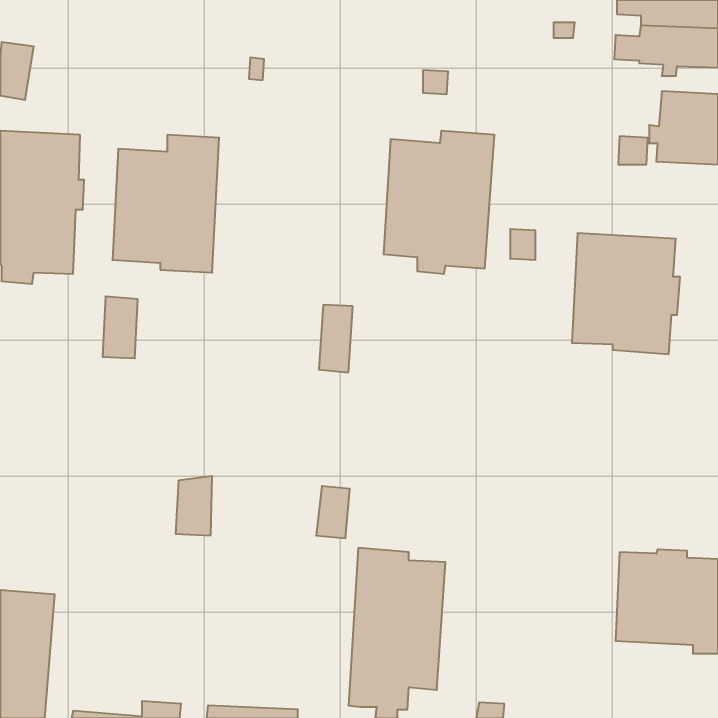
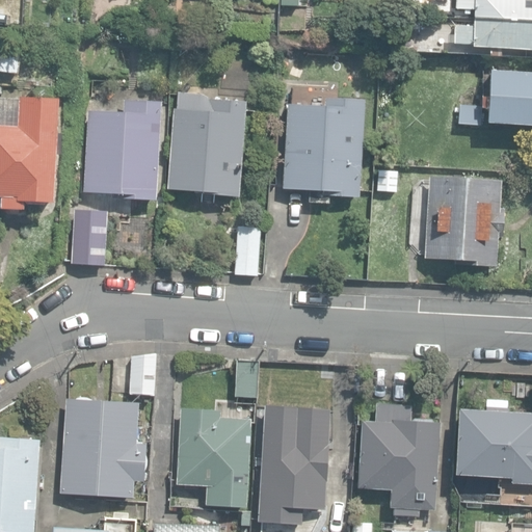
building: none -> [167,92,246,197]
building: none -> [61,400,147,498]
building: none -> [358,405,437,516]
building: none -> [177,408,250,507]

